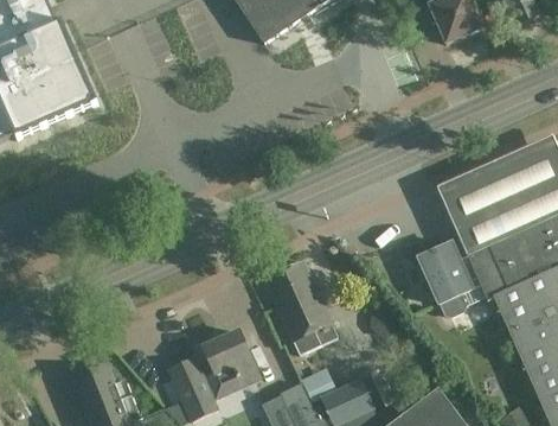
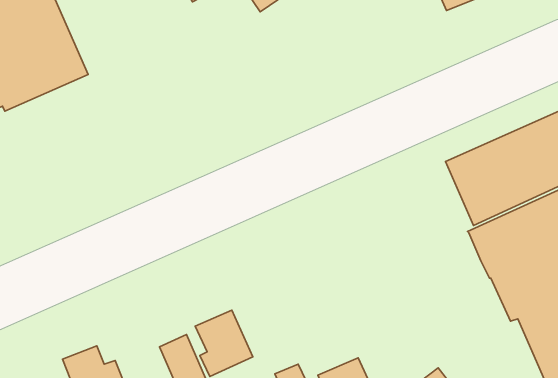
building: [417,243,479,317] -> none
building: [265,261,338,354] -> none

